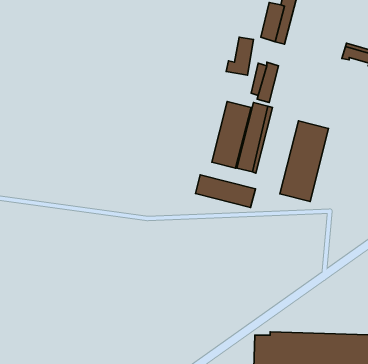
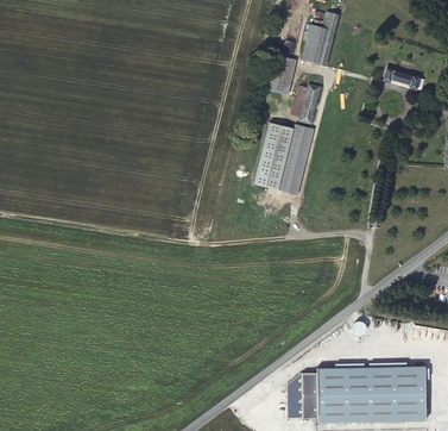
building: [280,121,329,202] -> none
building: [195,175,255,208] -> none

